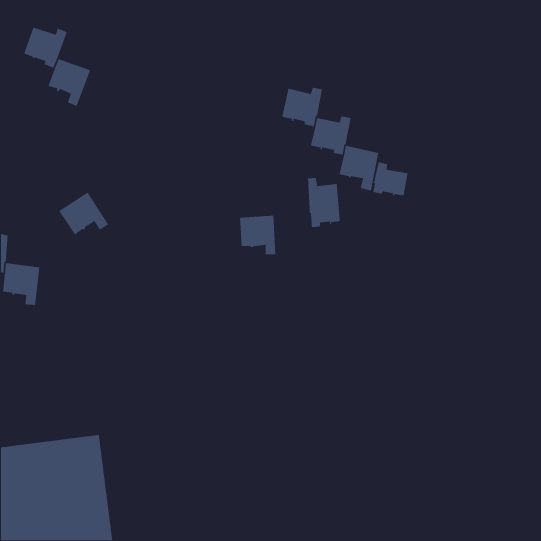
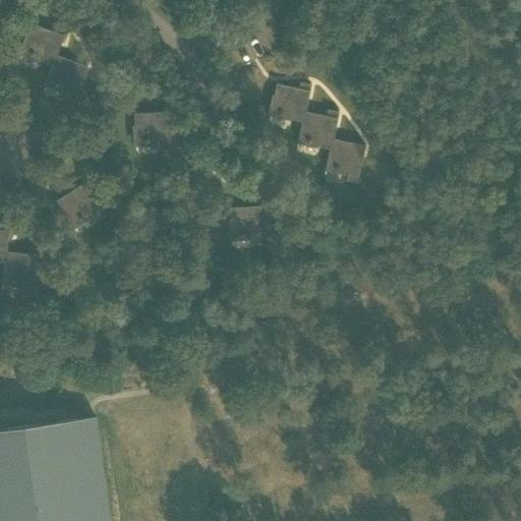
building: none -> [134,113,170,152]
building: [372,162,409,204] -> none
building: [307,177,341,233] -> none

